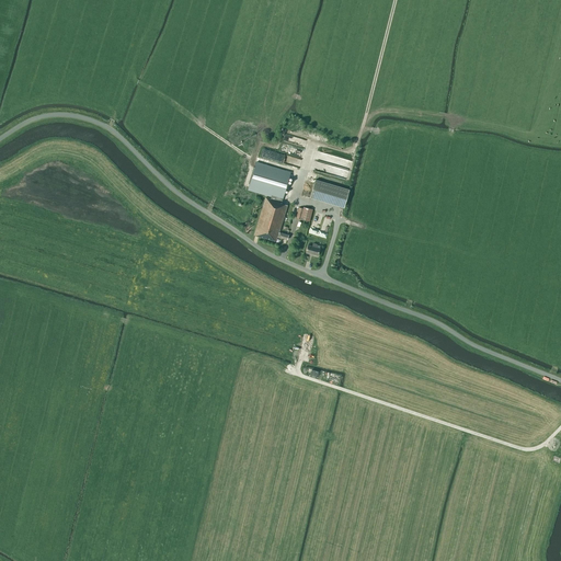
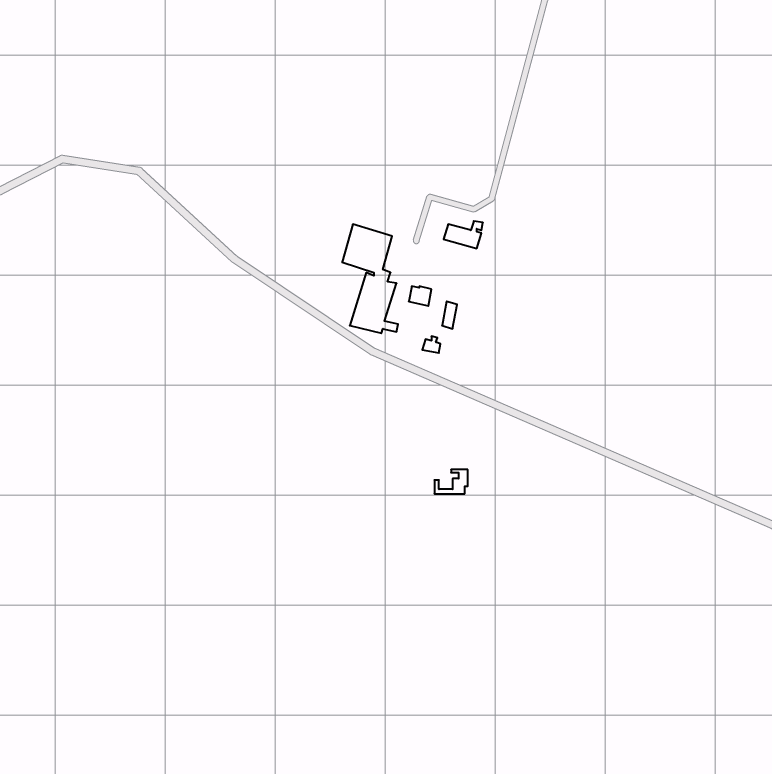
building: [311,180,350,207] -> none

